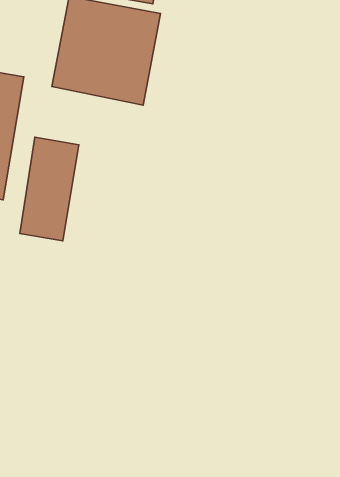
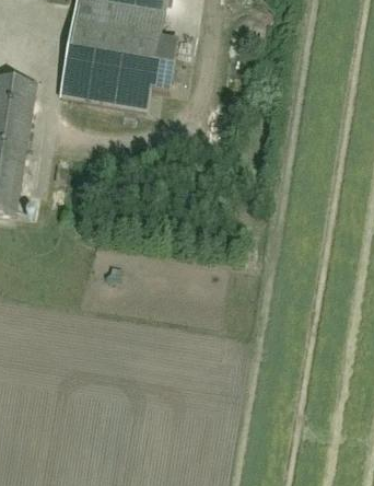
building: [20,137,79,241] -> none

